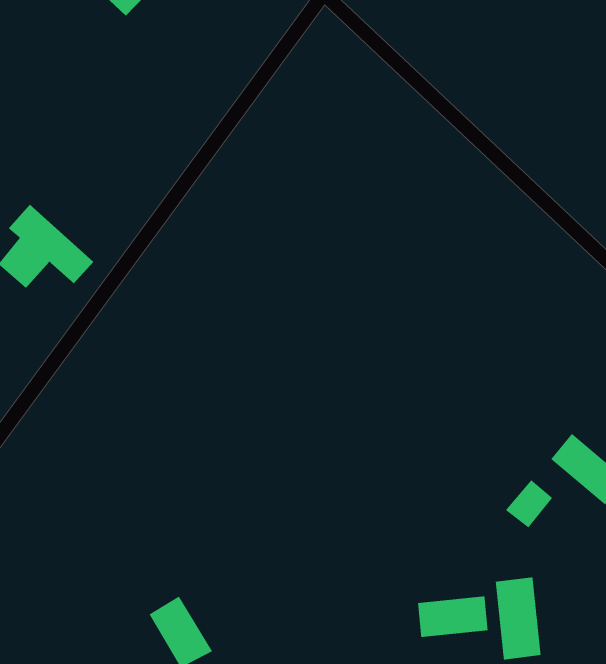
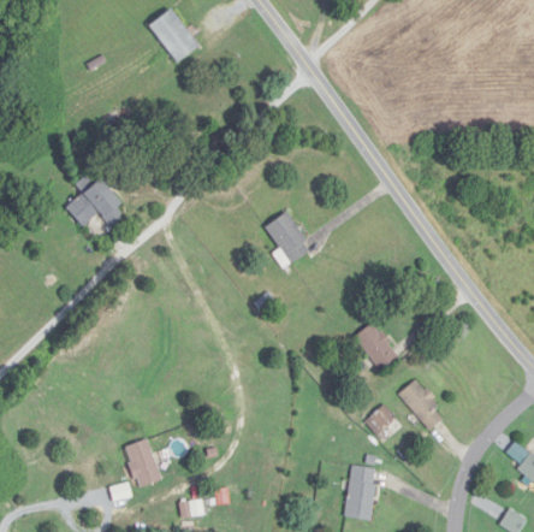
building: none -> [265,212,312,264]
building: none -> [355,321,398,370]
building: [417,595,489,638] -> none

